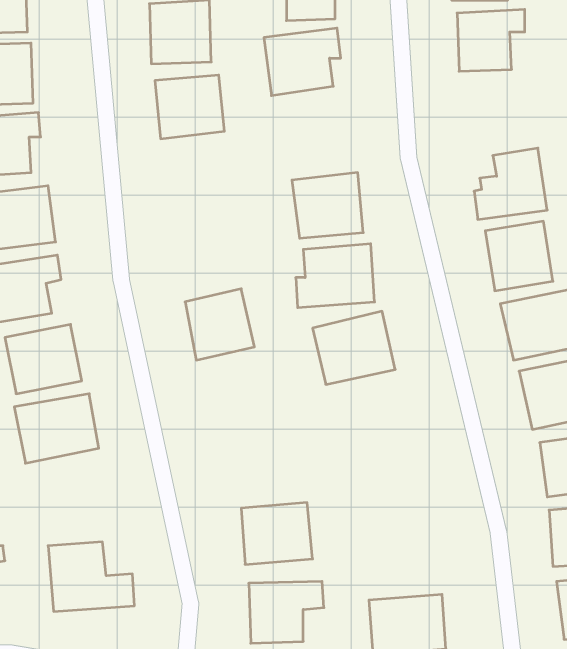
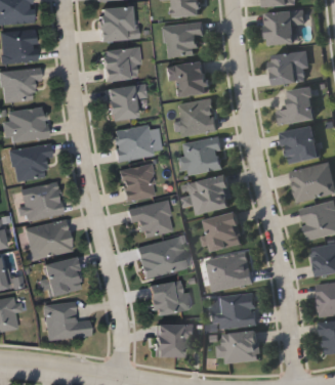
building: none -> [271,50,311,85]
building: none -> [168,61,211,96]
building: none -> [108,83,146,120]
building: none -> [113,125,153,161]
building: none -> [131,200,174,239]
building: none -> [205,212,245,251]
building: none -> [137,234,193,277]
building: none -> [209,253,254,291]
building: none -> [43,257,83,295]
building: none -> [218,293,259,328]

